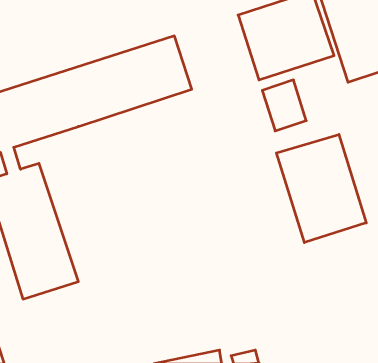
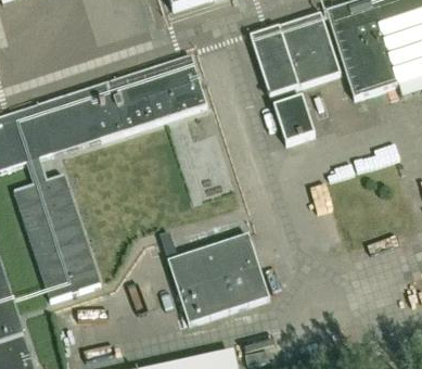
building: [276,134,366,243] -> none
building: none -> [159,230,269,323]

